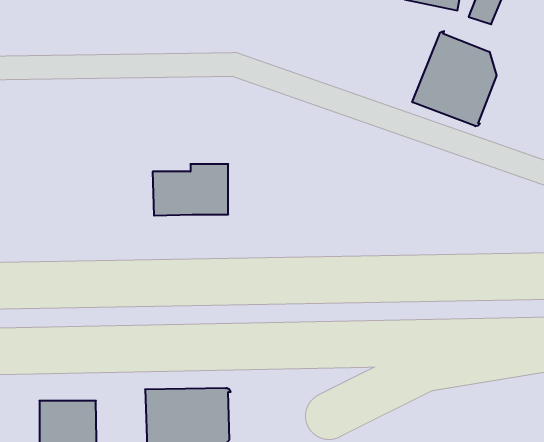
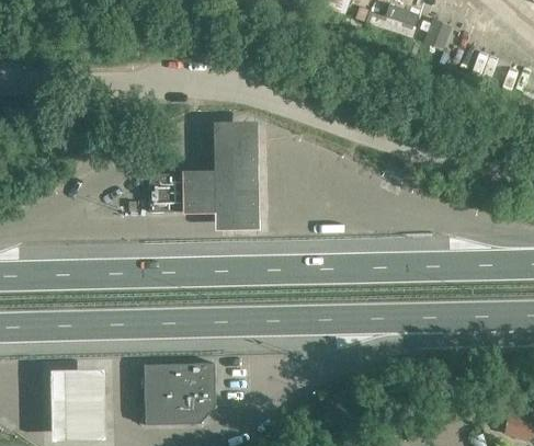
building: [412,31,496,126] -> none
building: none -> [214,124,258,230]

